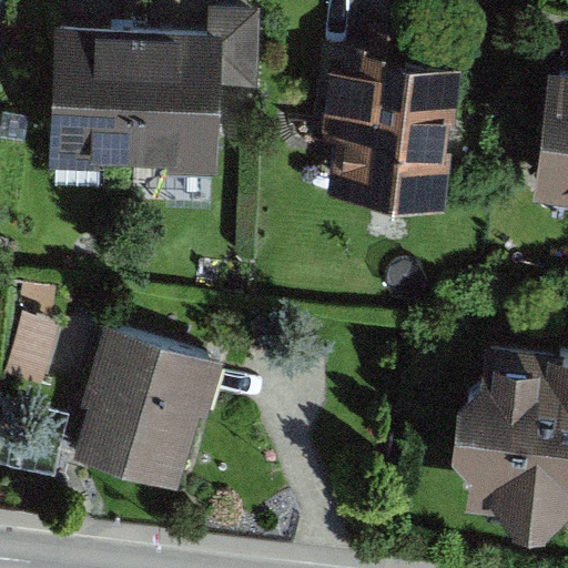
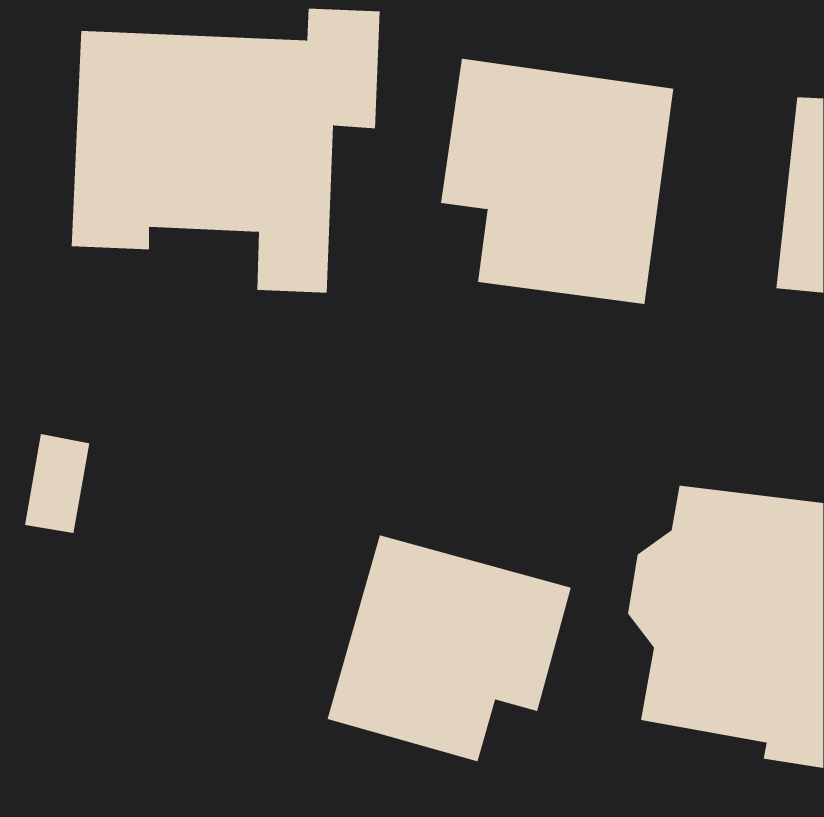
building: [73,325,230,496] -> none
building: none -> [327,535,572,762]

